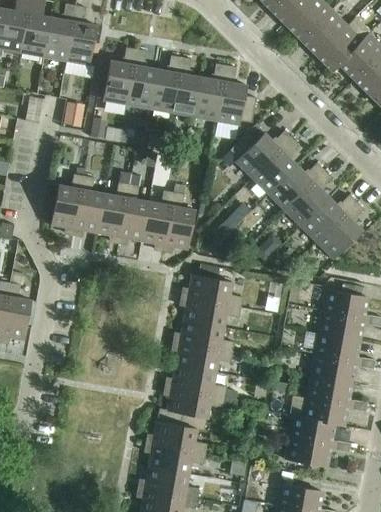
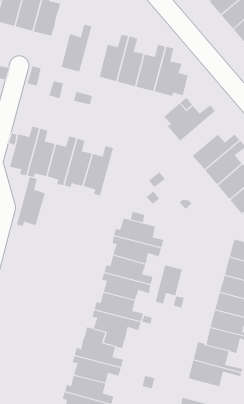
building: [127,49,157,109] -> none
building: [253,138,300,194] -> none
building: [164,192,196,252] -> [16,177,46,226]
building: none -> [155,264,182,304]

